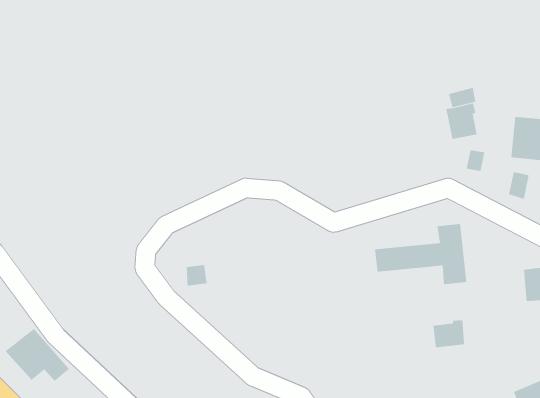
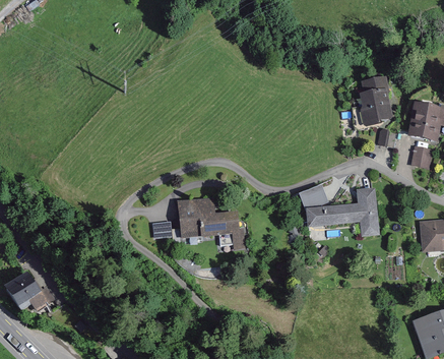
building: none -> [297,183,326,207]
building: none -> [176,196,240,245]
building: [433,320,465,348] -> none

